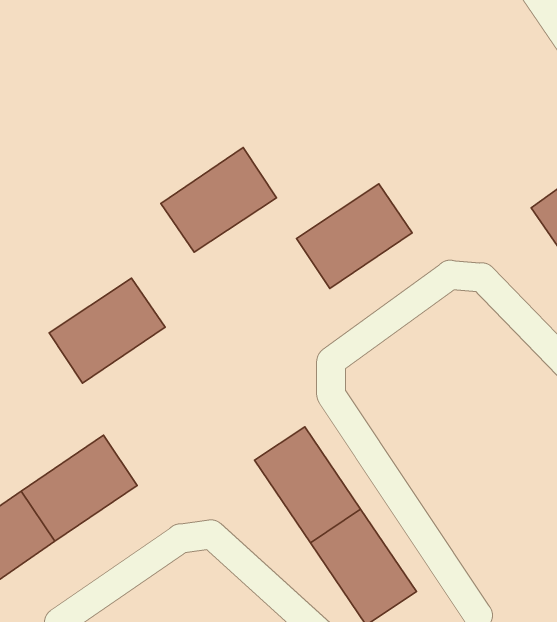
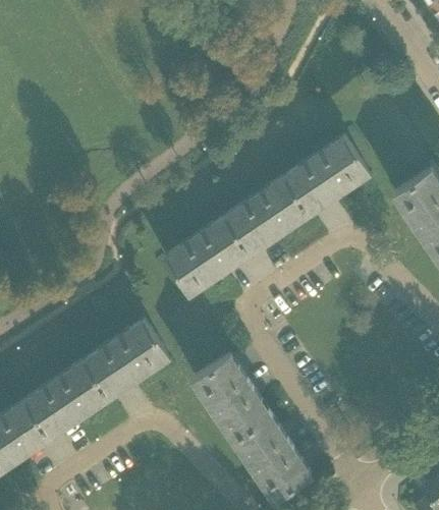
building: none -> [283,137,368,214]
building: [161,148,277,252] -> [163,218,248,294]
building: [49,278,165,383] -> [83,322,167,398]

